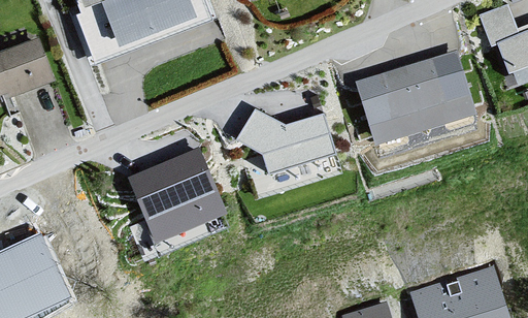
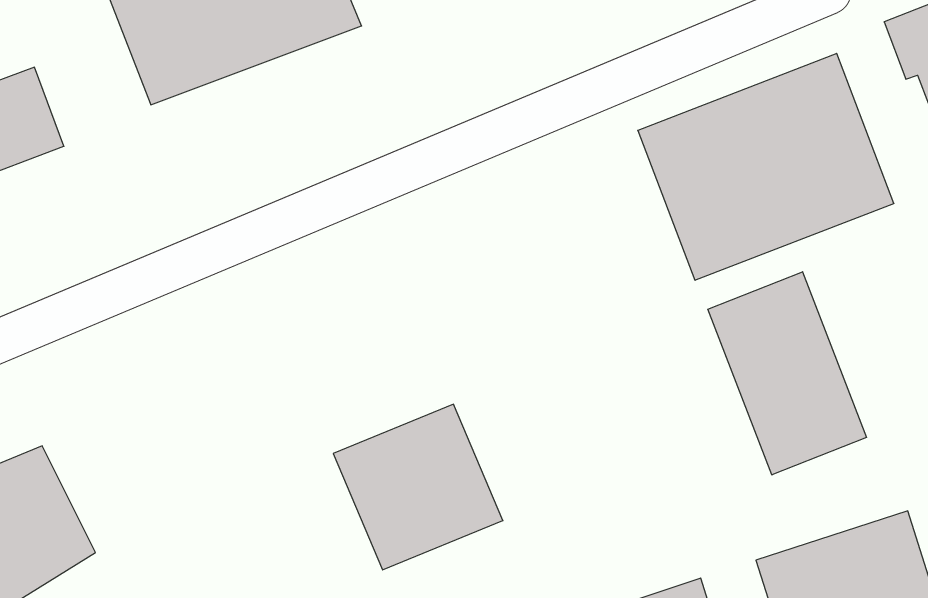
building: [237,108,336,173] -> none
building: none -> [708,272,866,475]
building: [133,152,222,239] -> [333,404,503,570]

